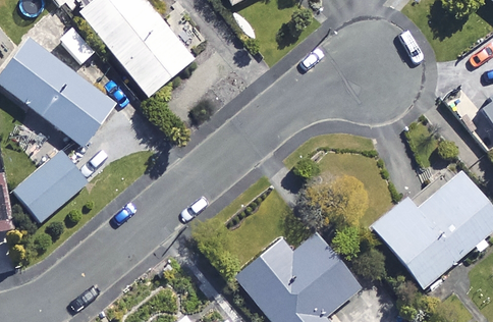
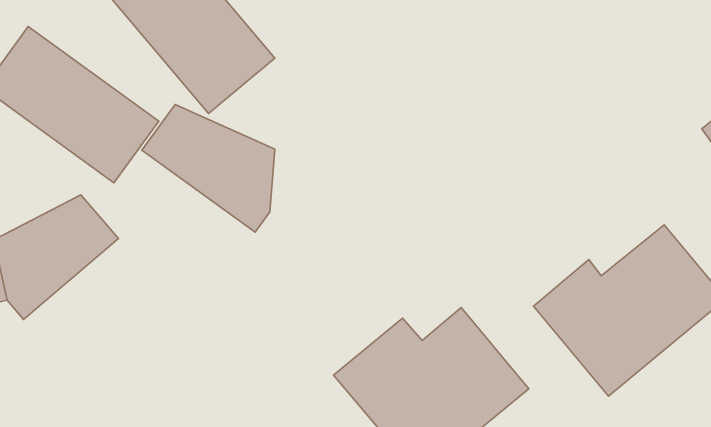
building: none -> [142,104,275,232]

